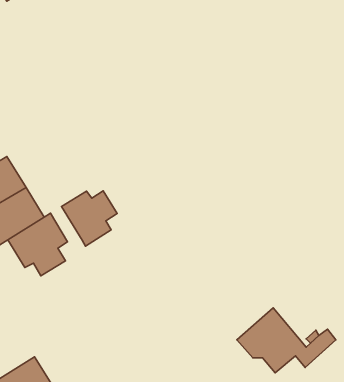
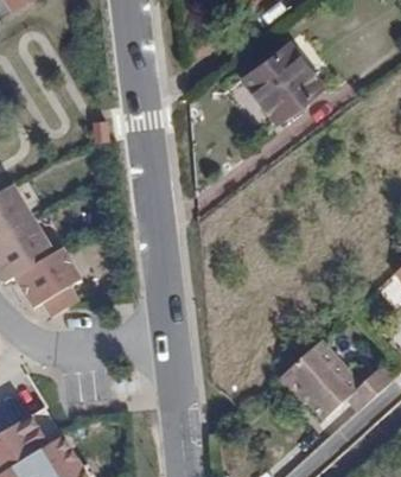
building: none -> [242,43,320,121]
building: [62,191,117,246] -> none

